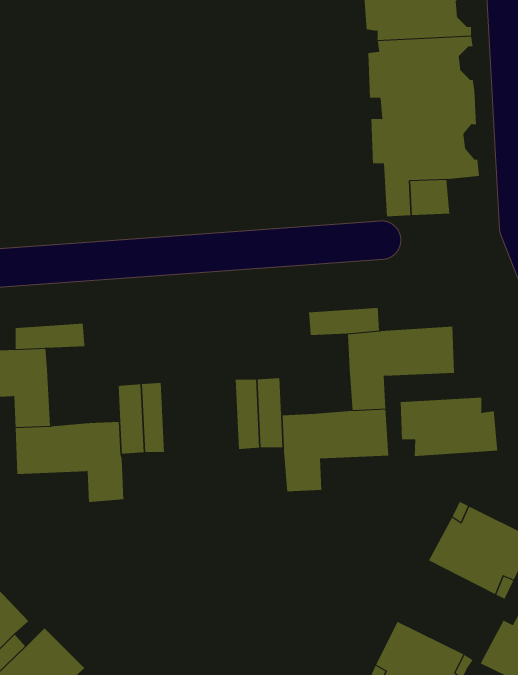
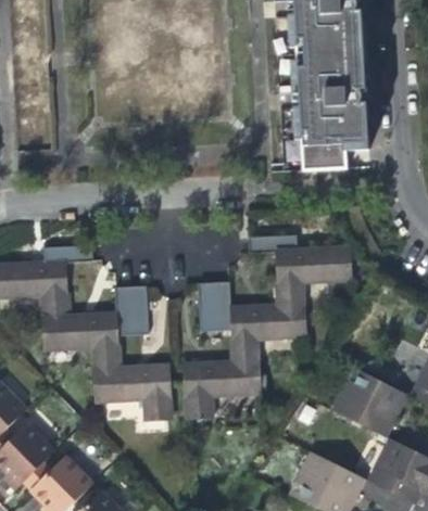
building: [400,397,498,457] -> none
building: none -> [185,360,260,418]
building: none -> [96,365,172,420]

